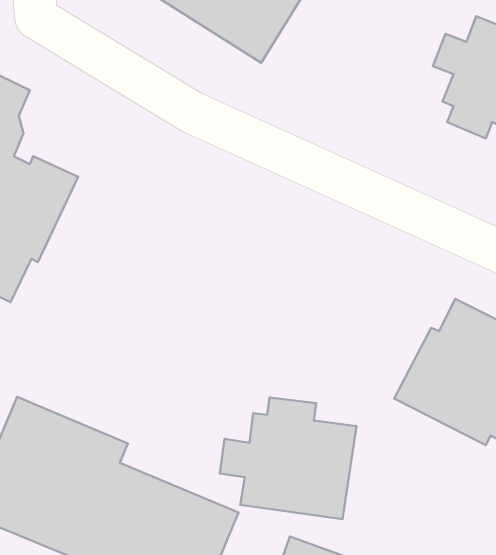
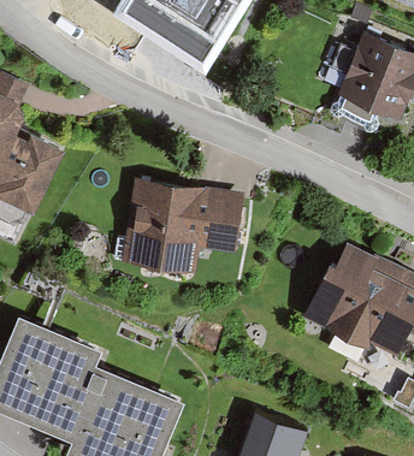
building: none -> [123,178,246,273]
building: [220,397,357,519] -> none

